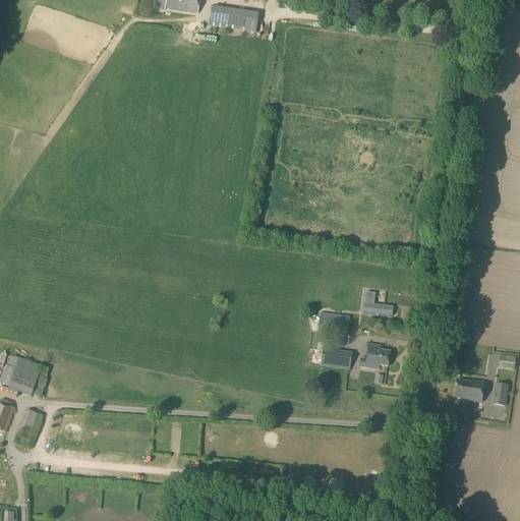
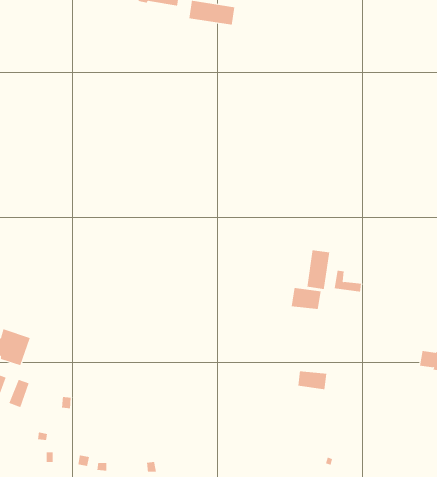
building: none -> [307,249,330,290]
building: [359,342,389,367] -> none
building: [320,347,351,367] -> [297,371,327,390]

